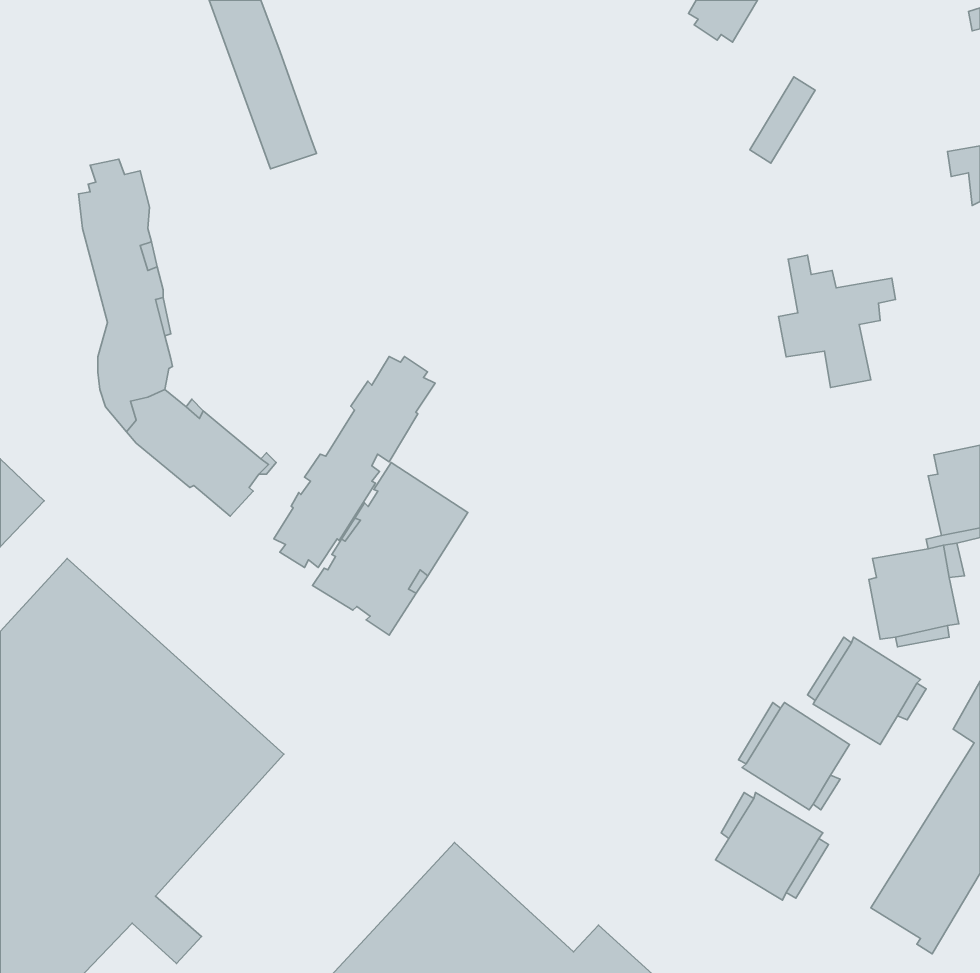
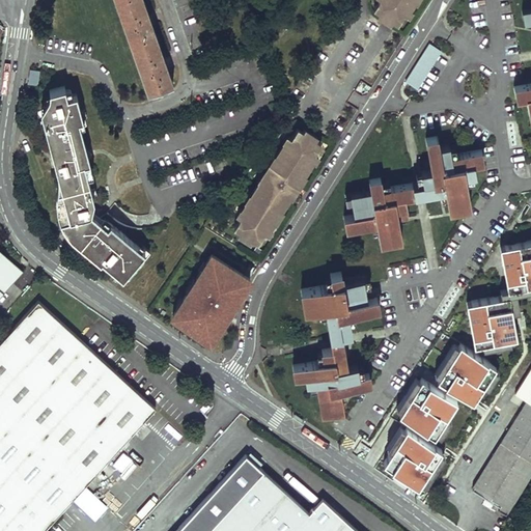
building: none -> [345,185,425,246]
building: [274,356,435,567] -> [232,133,319,247]
building: none -> [292,277,379,418]

